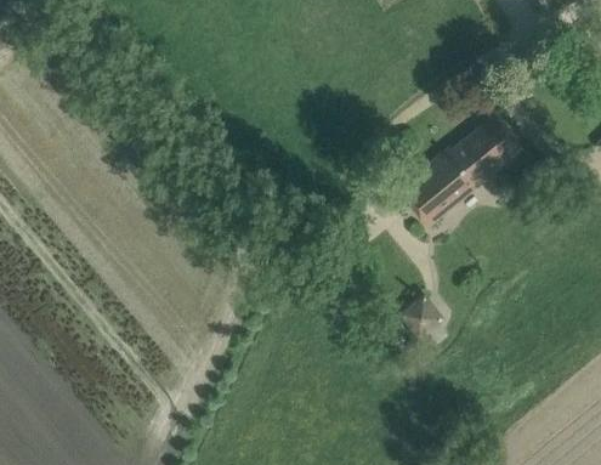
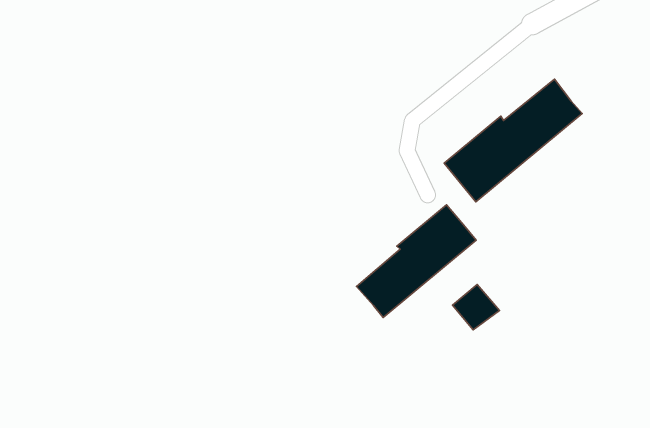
building: none -> [356,205,476,317]

